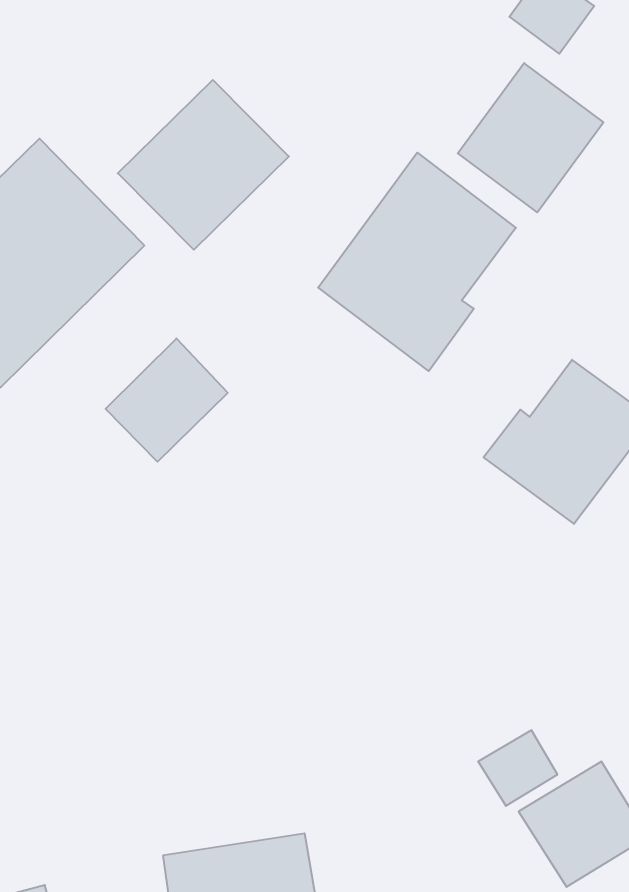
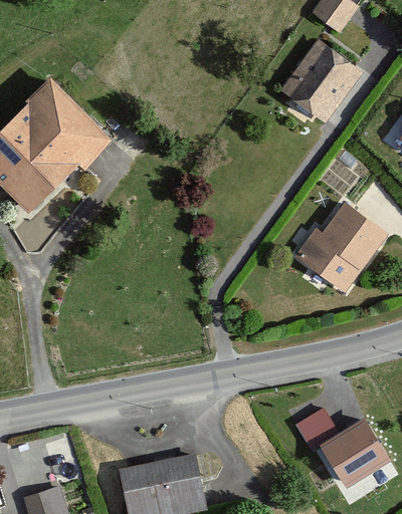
building: [118,80,289,250] -> none
building: [318,153,516,371] -> none
building: [106,338,228,462] -> none

